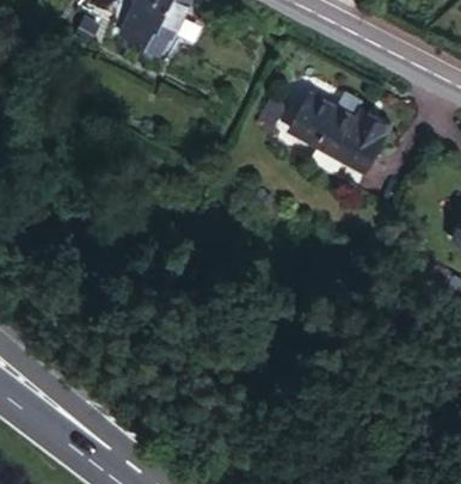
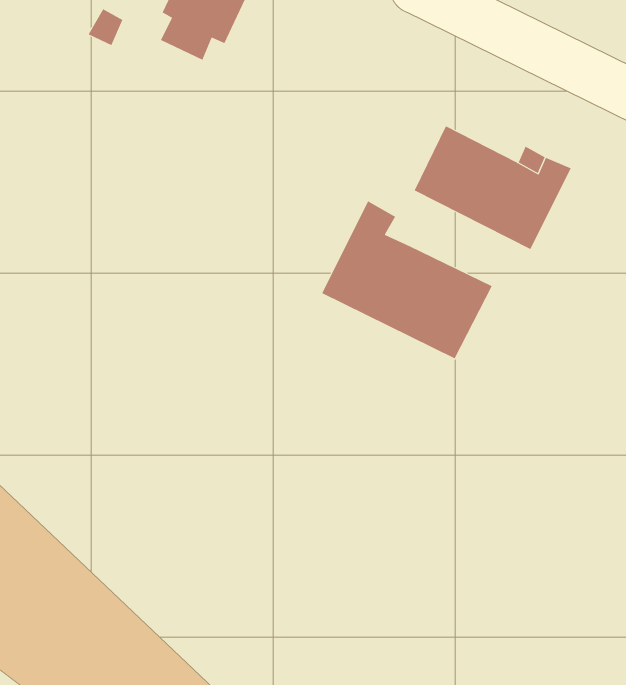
building: none -> [321,200,492,359]

